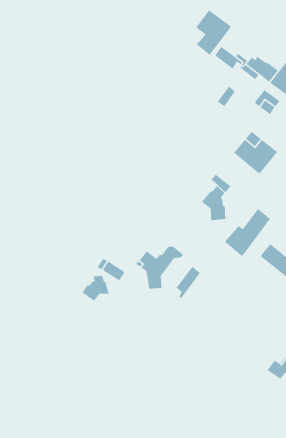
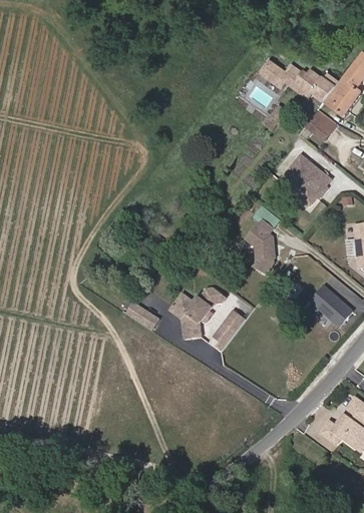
building: [195,9,232,56] -> none
building: [224,208,271,257] -> none
building: [81,275,110,302] -> none

